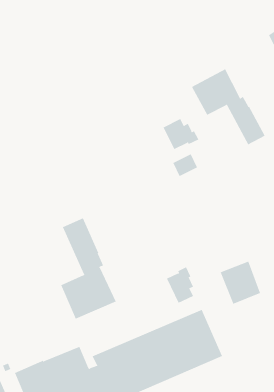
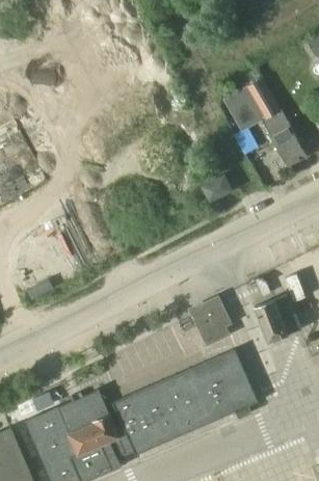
building: [163,118,199,150] -> none
building: [61,217,117,320] -> none

